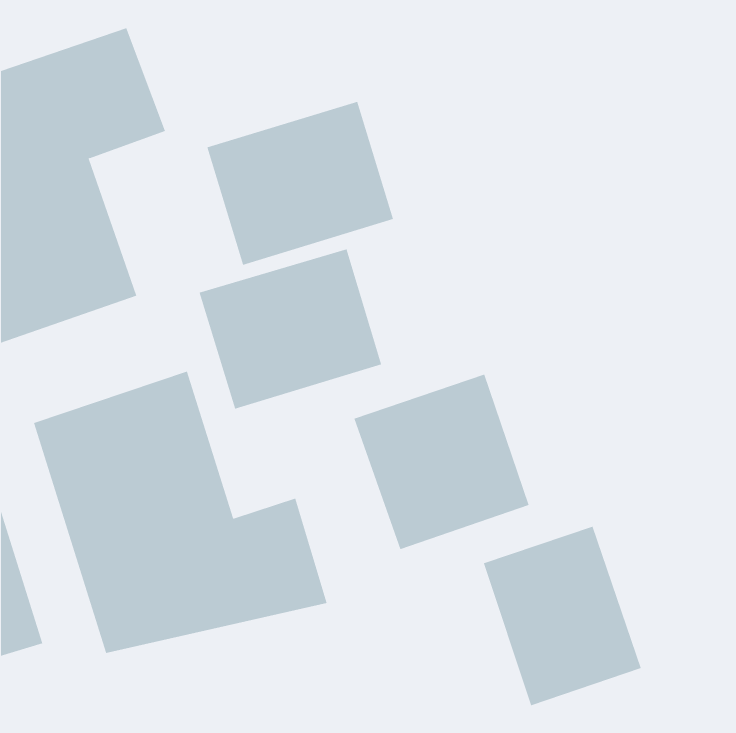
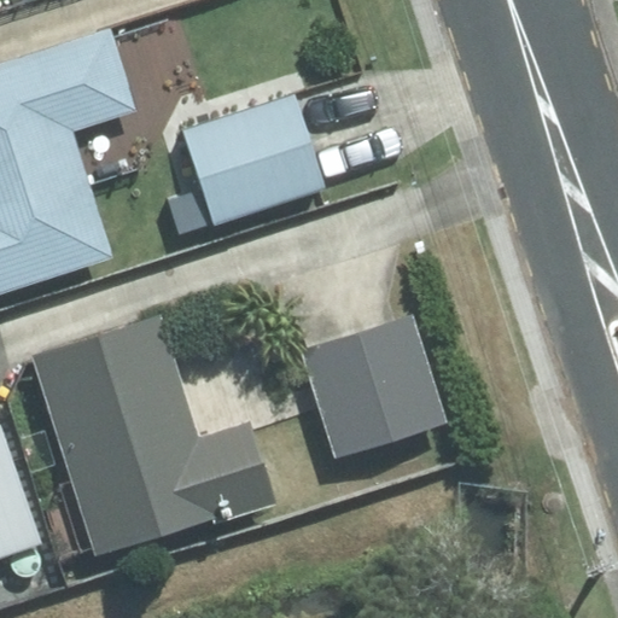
building: [199,248,382,409] -> none
building: [483,526,641,706] -> none

